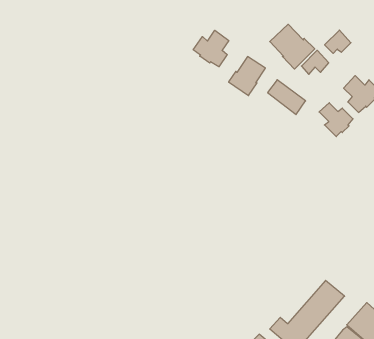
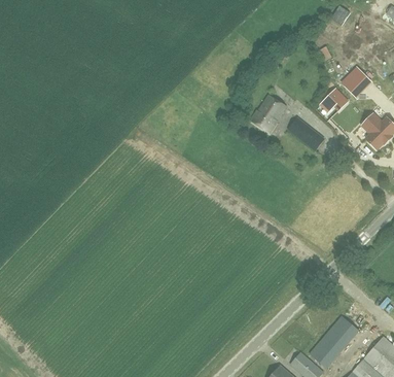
building: [270,24,315,69] -> none
building: [193,30,229,67] -> none
building: [319,103,353,137] -> none

